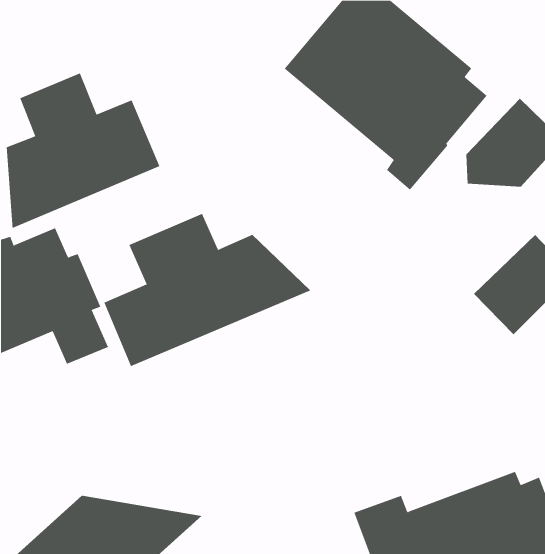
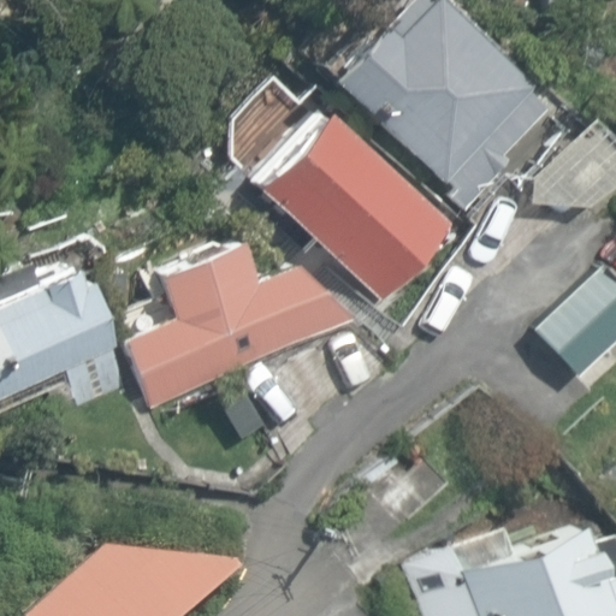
building: [6,72,160,229] -> none
building: none -> [249,102,457,306]

